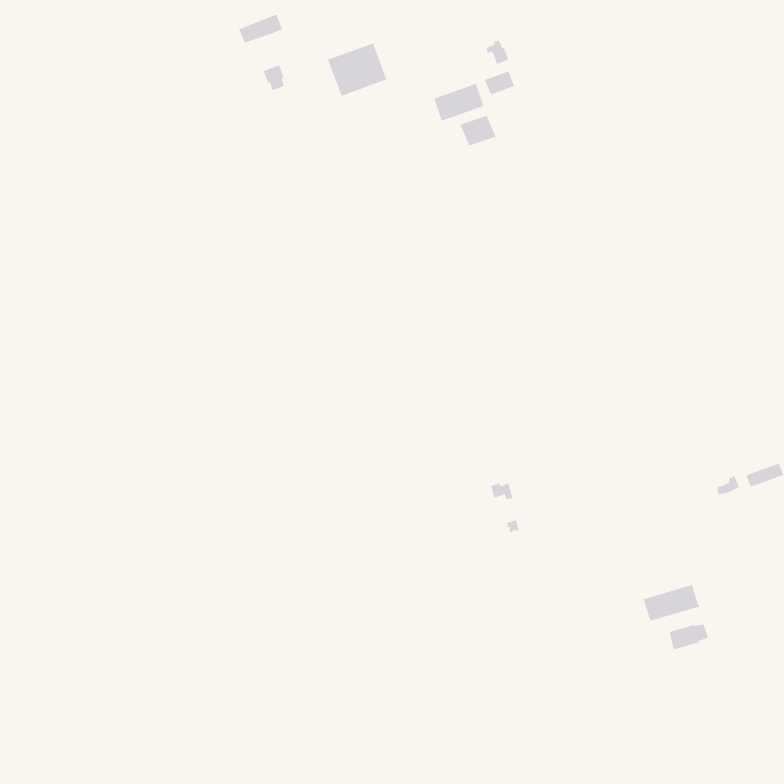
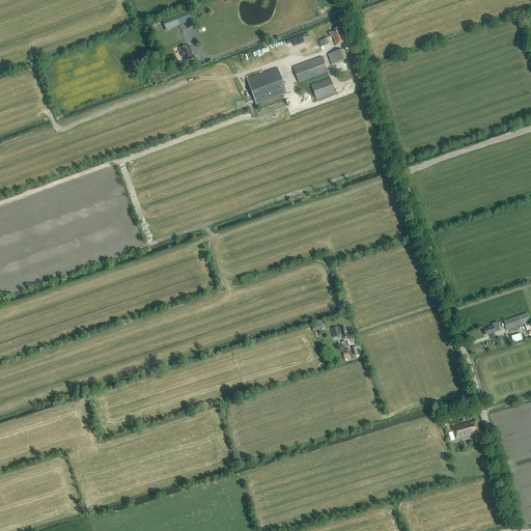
building: [327,43,387,97] -> [246,67,286,104]
building: [643,584,699,622] -> none

